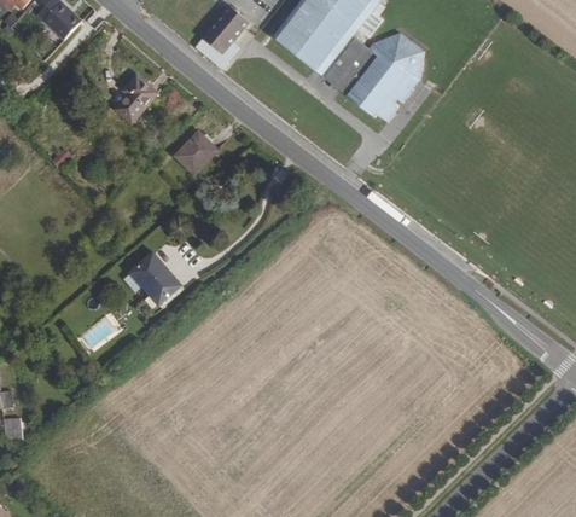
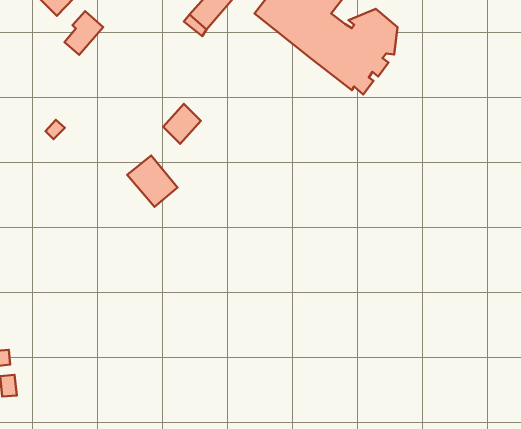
building: [112,75,153,121] -> [64,11,103,55]
building: [127,252,180,307] -> [127,155,178,207]

